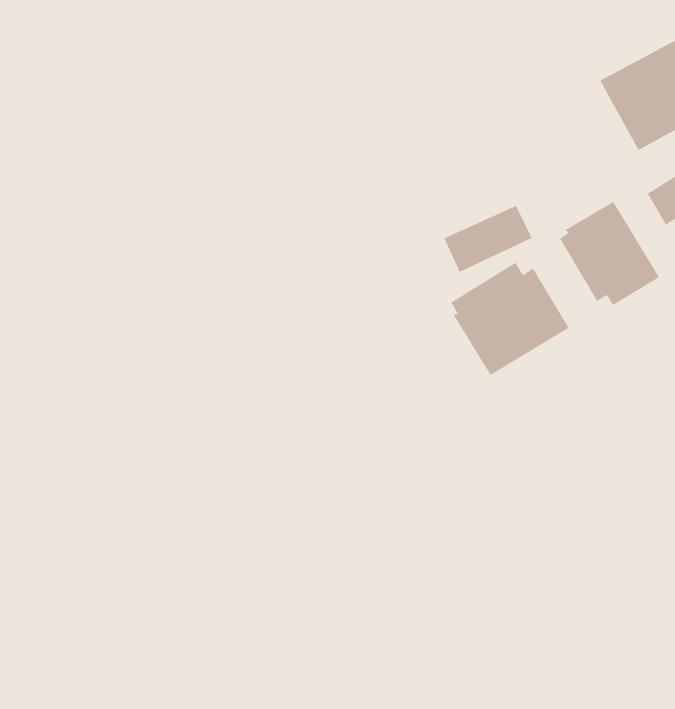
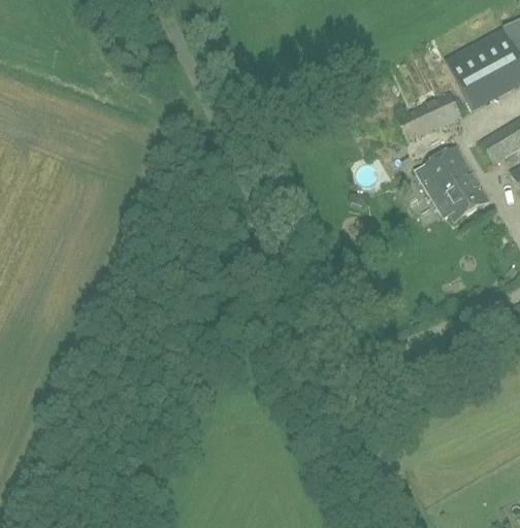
building: [443,205,532,273] -> [397,92,461,140]
building: [451,262,570,376] -> none

